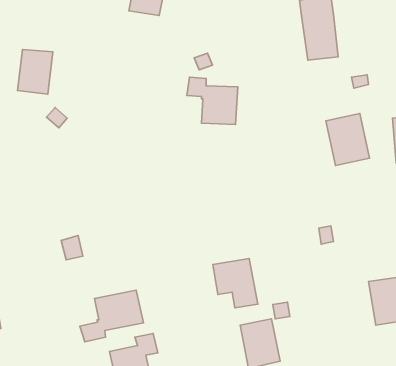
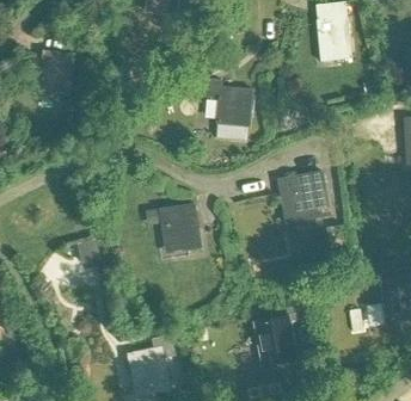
building: [326,114,369,166] -> [287,172,330,223]
building: [213,258,258,308] -> [160,202,204,251]
building: [80,290,143,342] -> none

